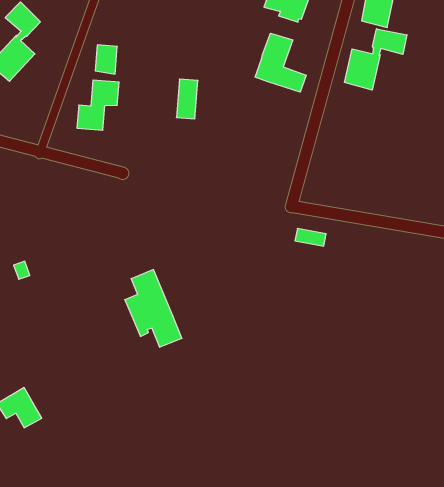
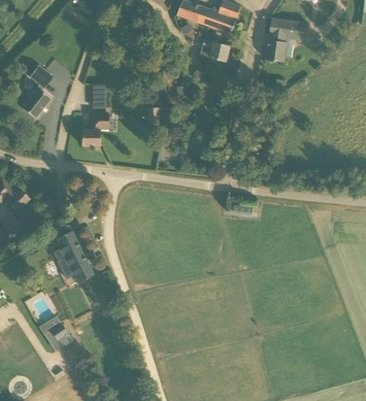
building: [344,29,407,90] -> none
building: [255,33,306,92] -> none
building: [125,270,182,347] -> [53,230,93,281]

